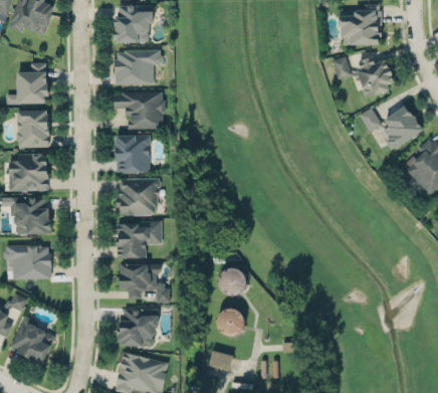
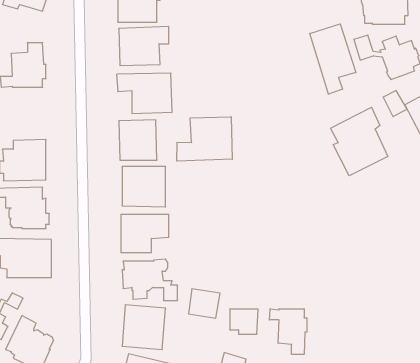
building: none -> [310,24,356,94]
building: [15,111,48,147] -> none
building: none -> [331,107,388,176]
building: none -> [177,117,232,161]
building: [217,267,246,294] -> [189,289,220,318]
building: none -> [269,309,307,354]

